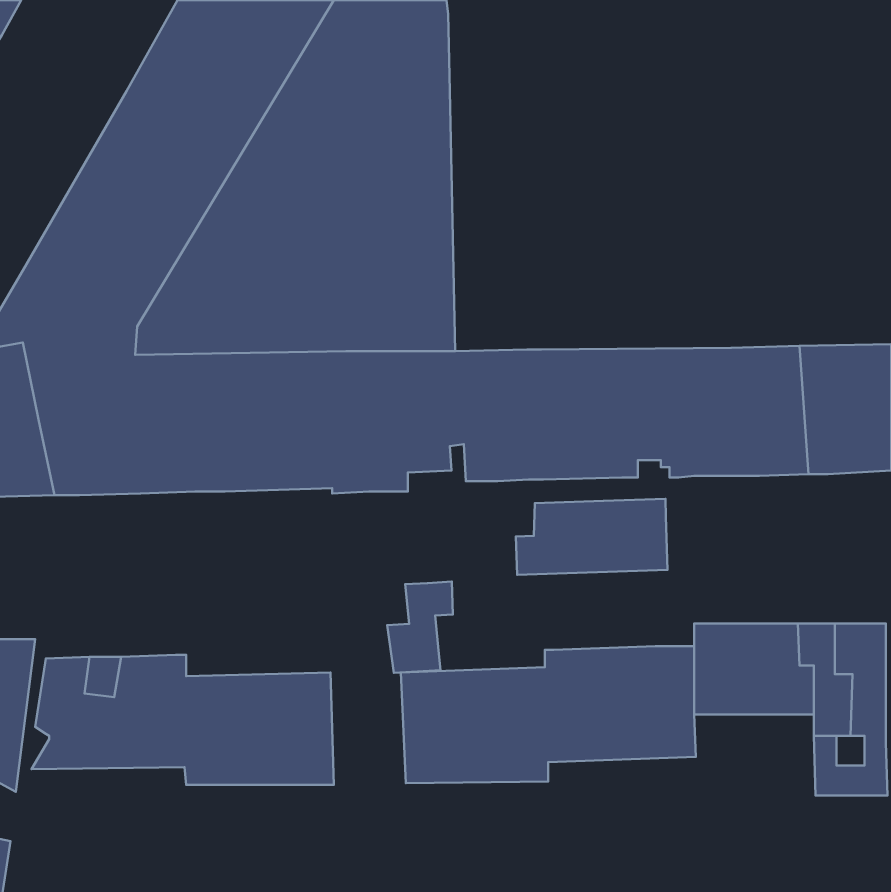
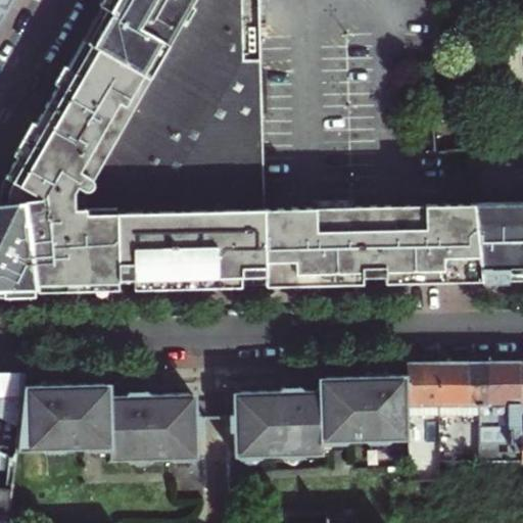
building: [516,499,668,575] -> none
building: [387,582,453,673] -> none

